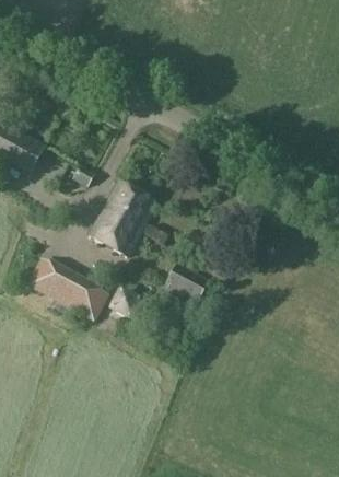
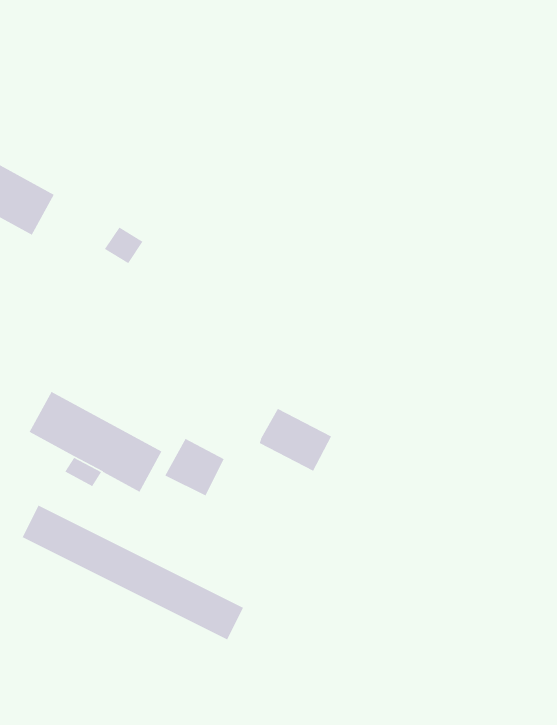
building: [87,182,156,256] -> none
building: none -> [22,504,244,640]

